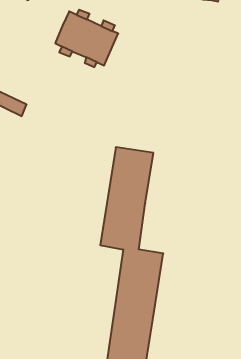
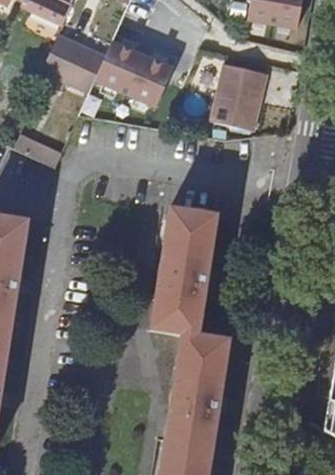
building: none -> [42,34,106,93]
building: none -> [212,63,267,129]

